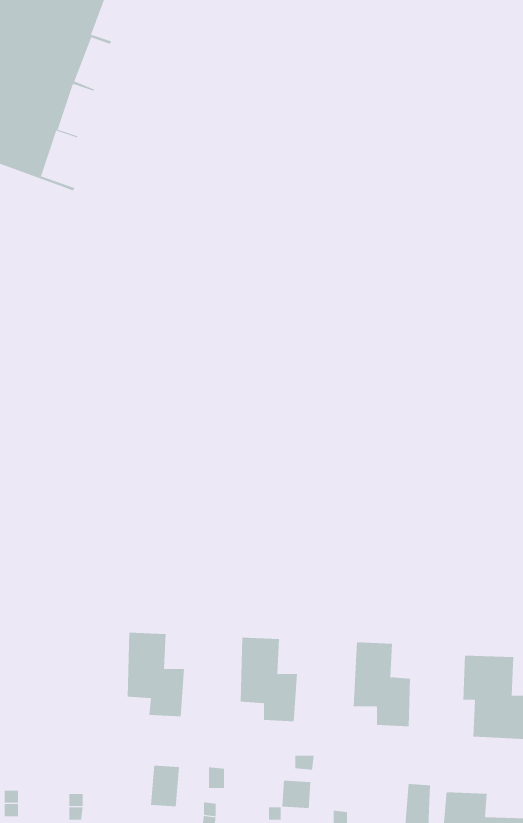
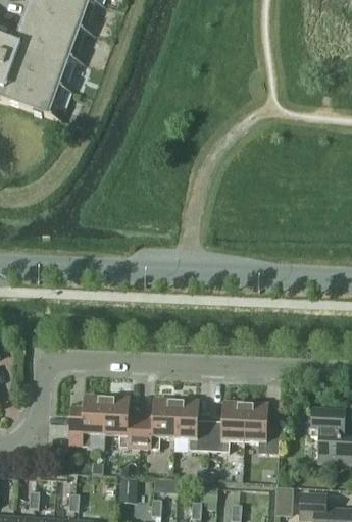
building: none -> [67,393,105,443]
building: none -> [138,396,174,447]
building: none -> [207,399,245,450]

